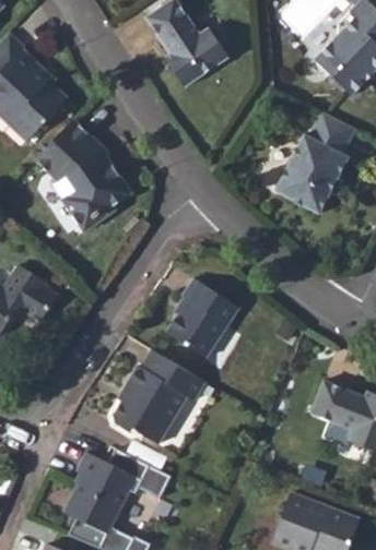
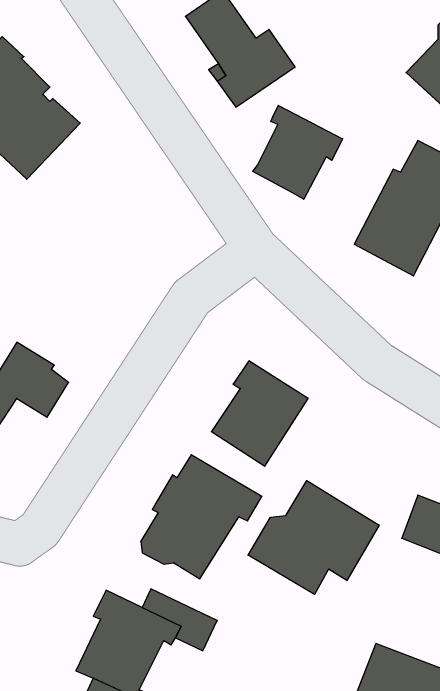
building: none -> [253,105,343,199]
building: [36,119,133,232] -> none
building: none -> [248,481,379,594]

